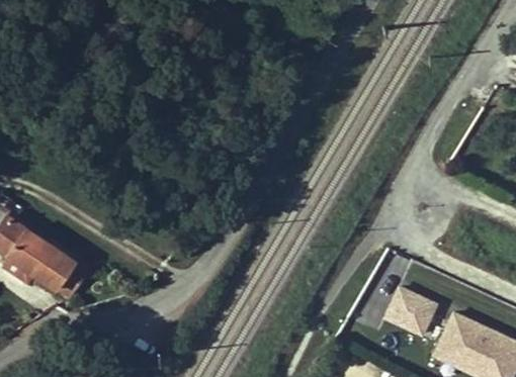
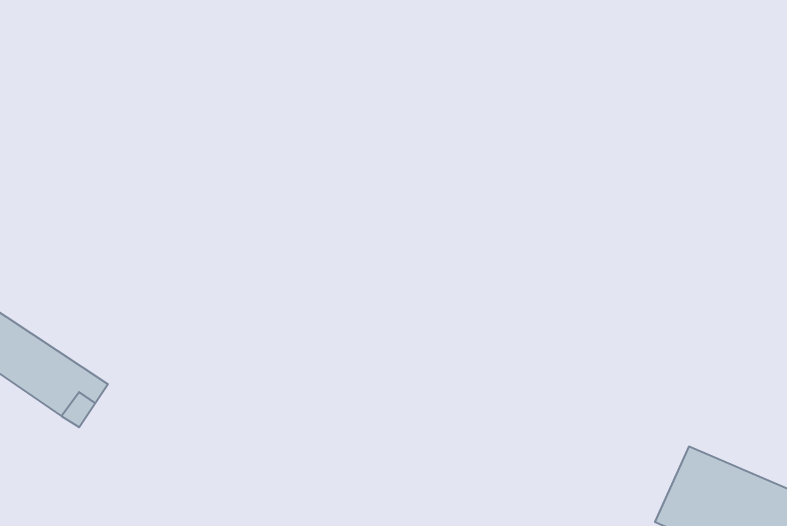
building: [382,284,439,337] -> none

